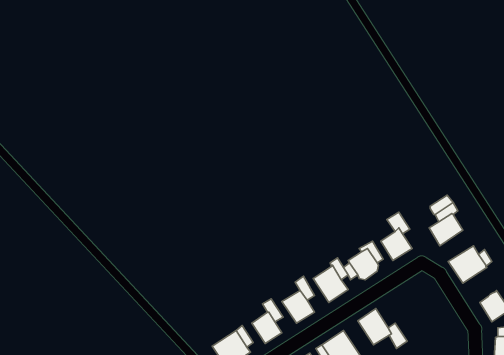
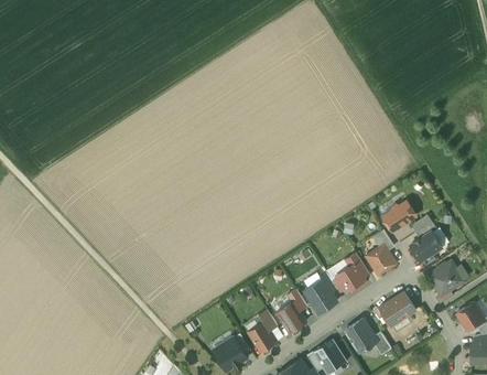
building: none -> [383,202,416,231]
building: none -> [379,292,415,326]

